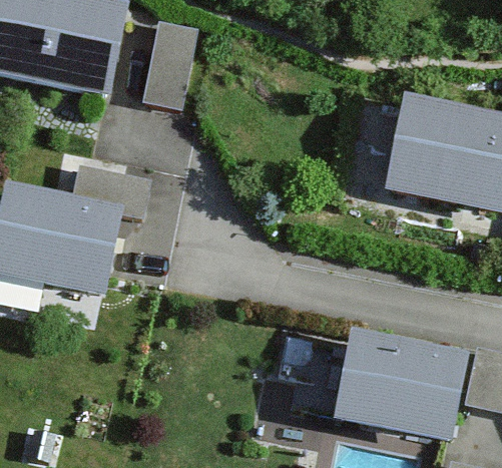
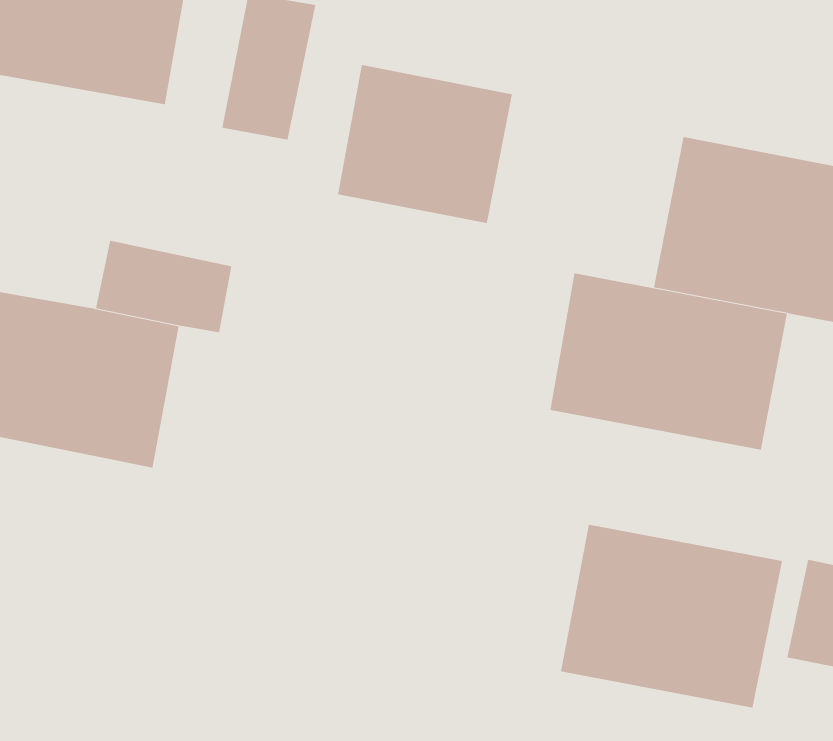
building: none -> [338,64,513,224]
building: none -> [550,272,787,451]

